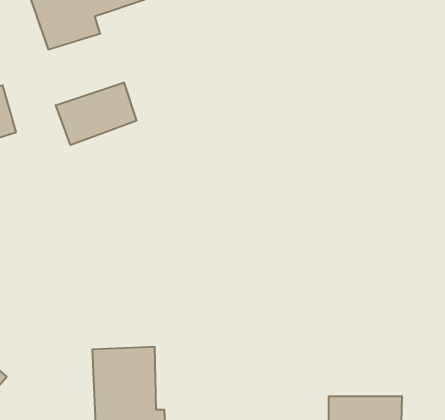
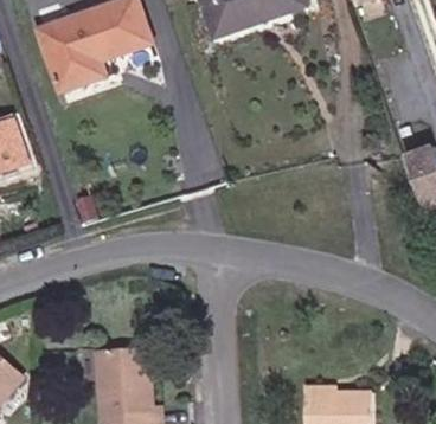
building: [56,82,137,145] -> none

